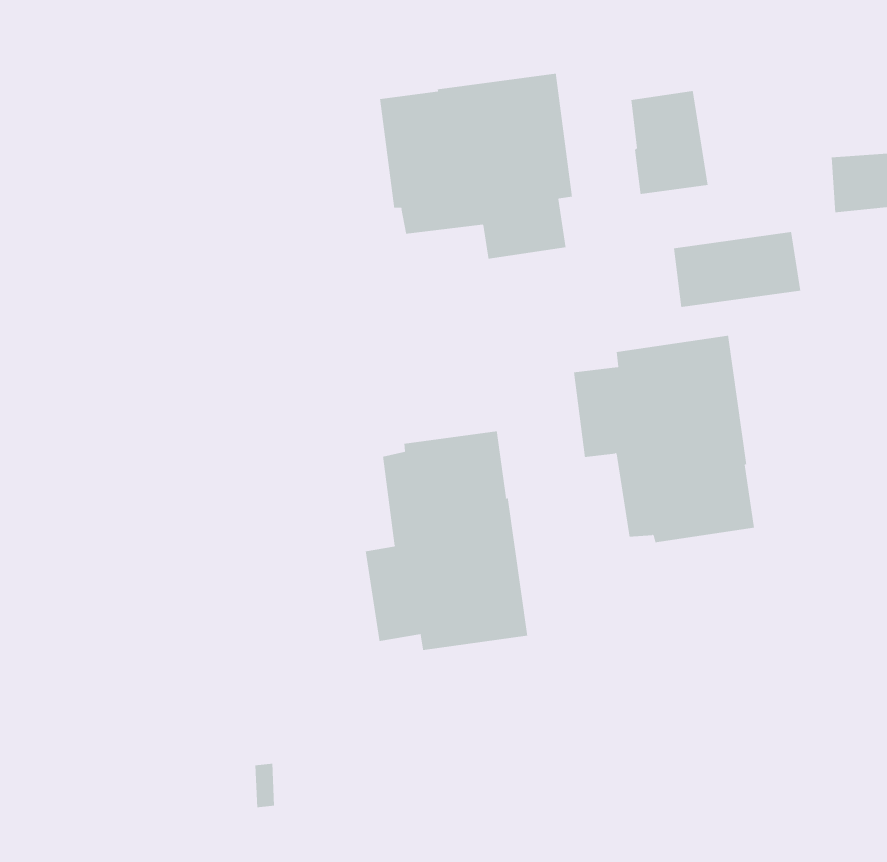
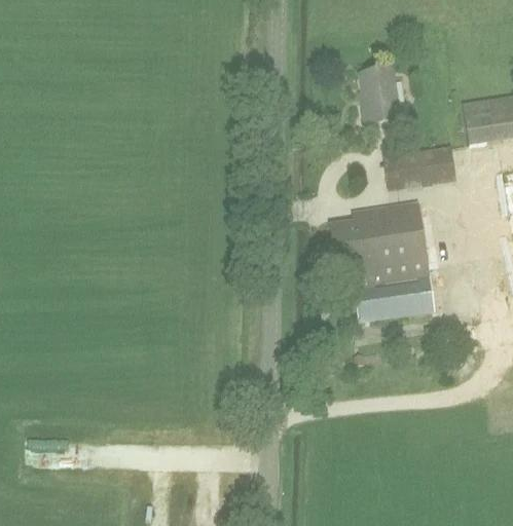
building: [380,73,573,260] -> none
building: [365,430,528,651] -> none

